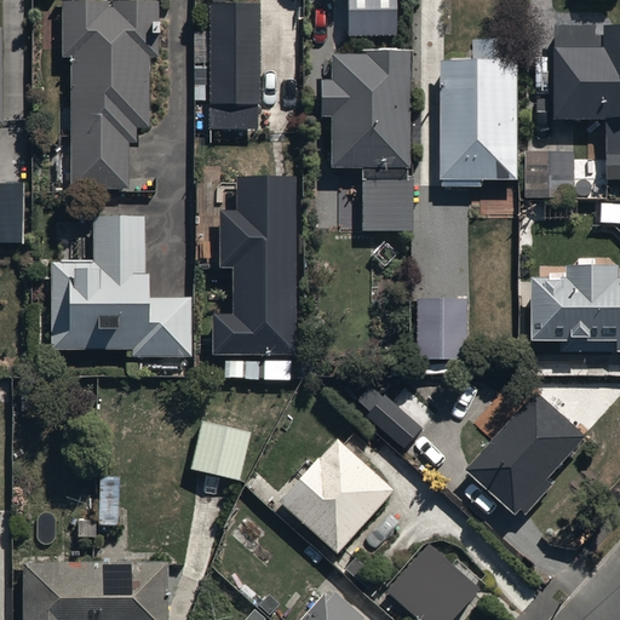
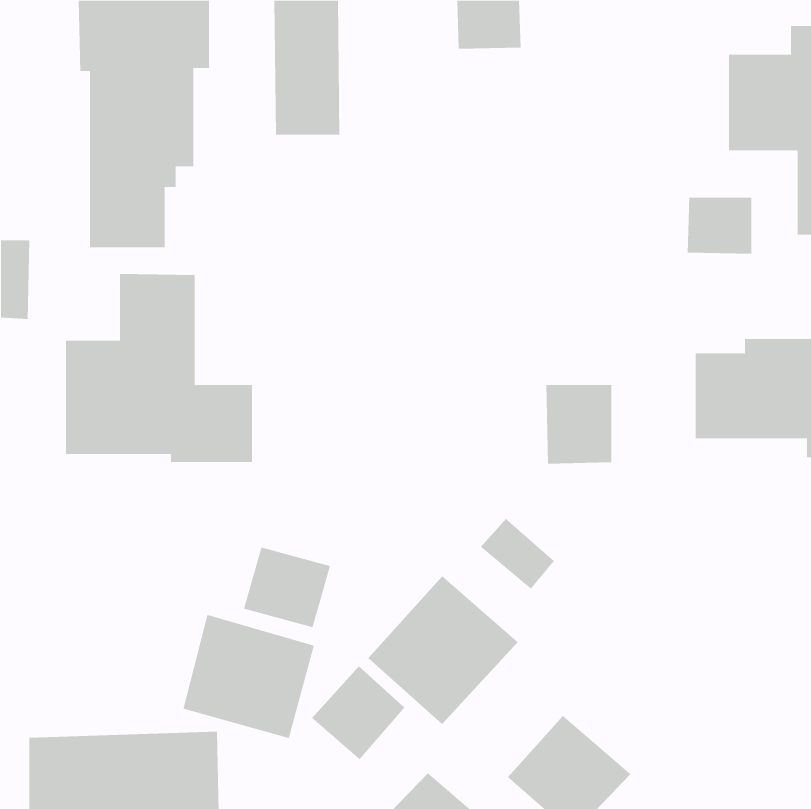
building: [440,38,518,186] -> none
building: [318,45,414,230] -> none
building: [211,173,291,351] -> none
building: [466,391,582,515] -> none
building: none -> [183,614,315,739]
building: none -> [311,665,405,760]

